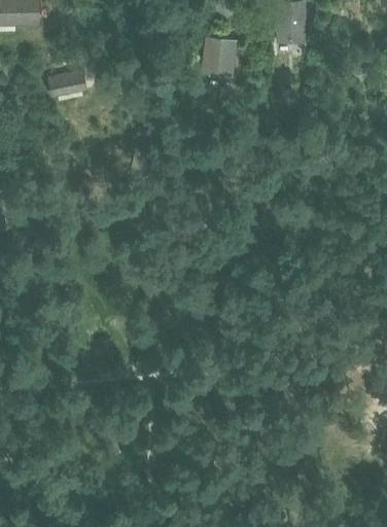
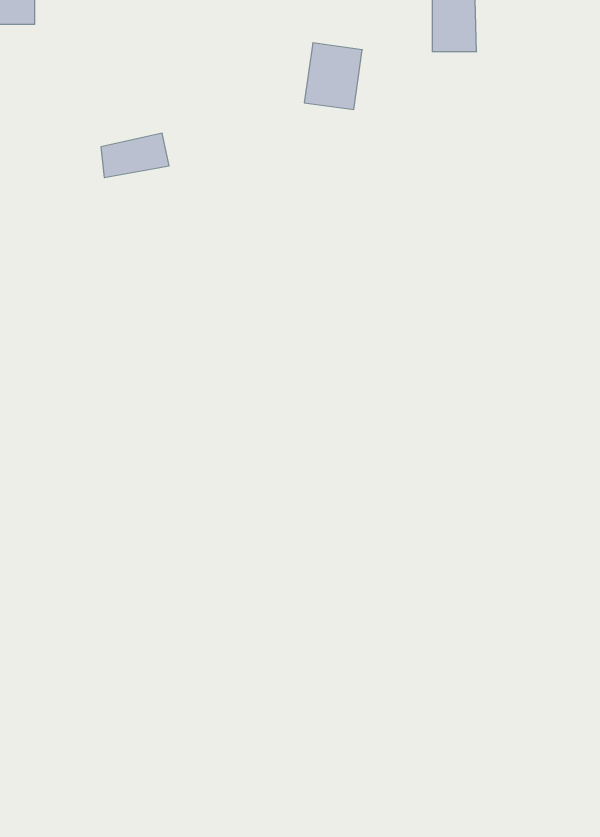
building: [47,70,89,97] -> [101,133,169,178]

